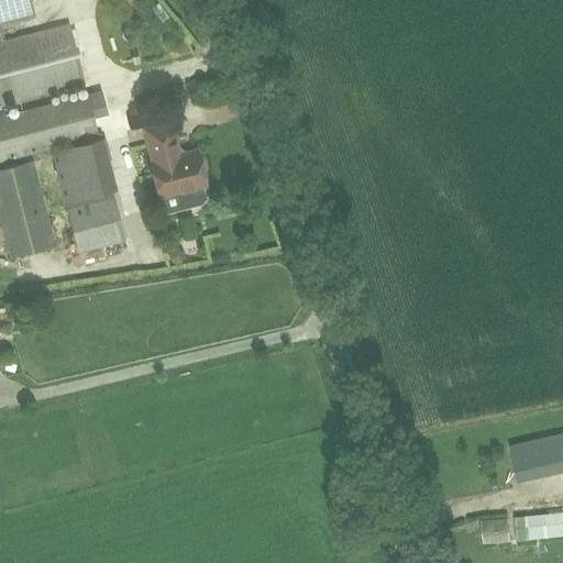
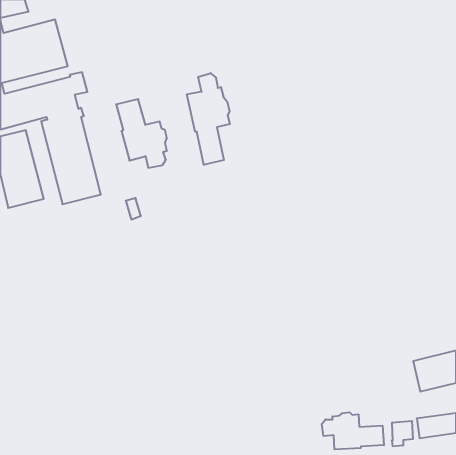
building: none -> [187,73,230,165]
building: none -> [322,412,384,449]

